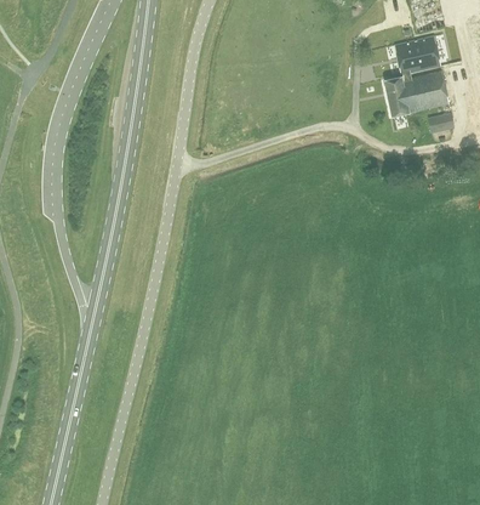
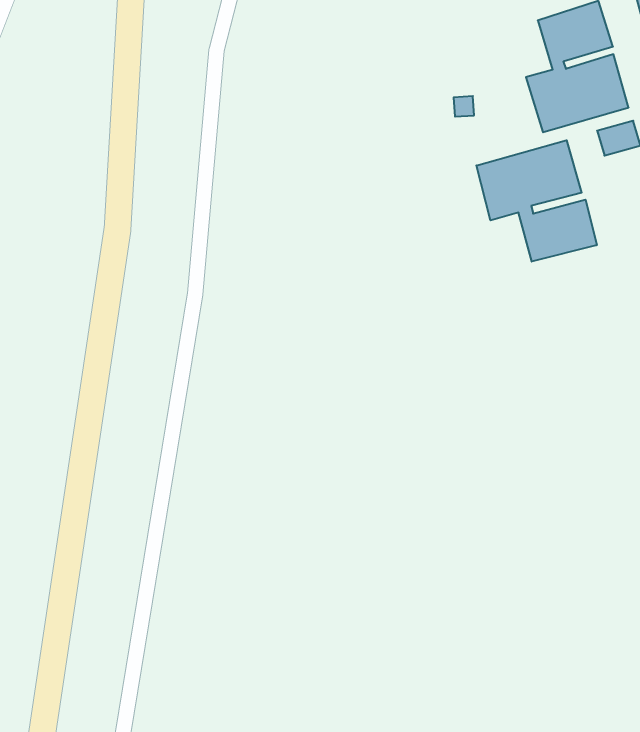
building: none -> [476,140,597,262]

